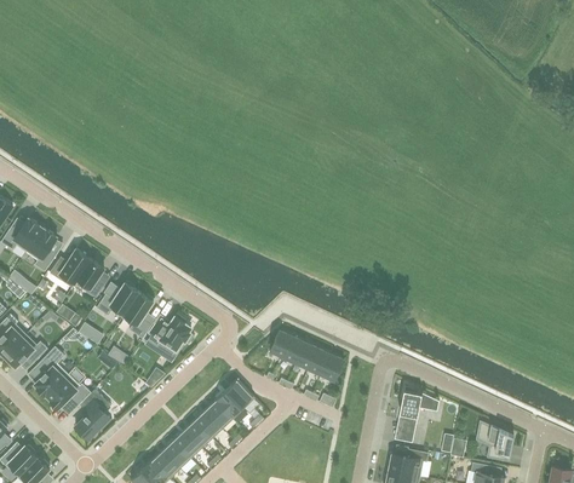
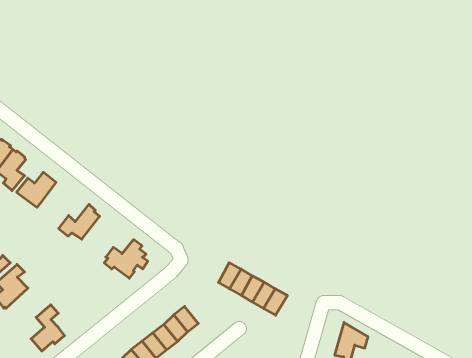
building: [75,259,105,298] -> none
building: [122,292,155,337] -> none
building: [47,373,91,408] -> none

